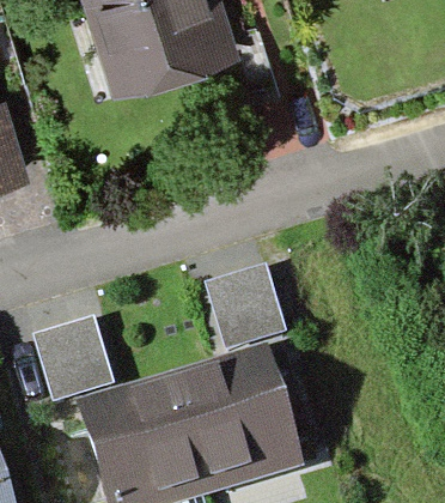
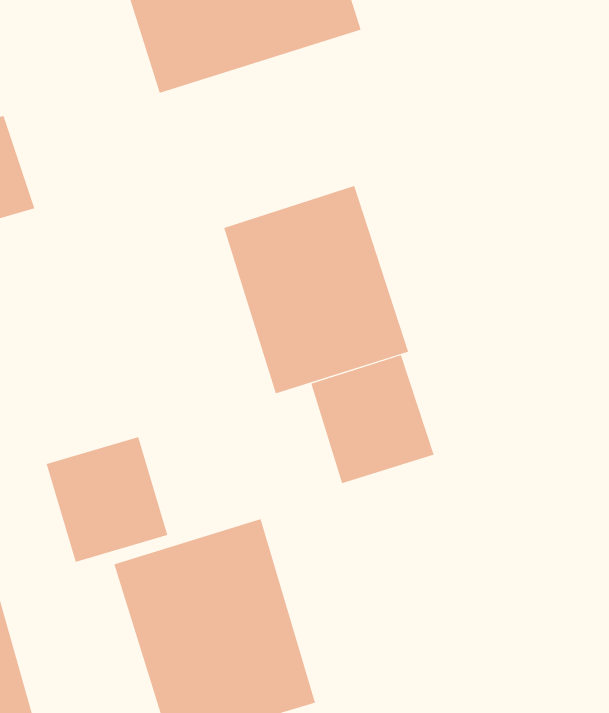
building: none -> [223,185,409,394]
building: [172,341,304,491] -> none

